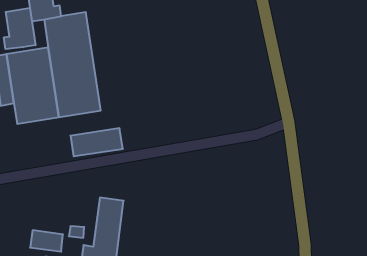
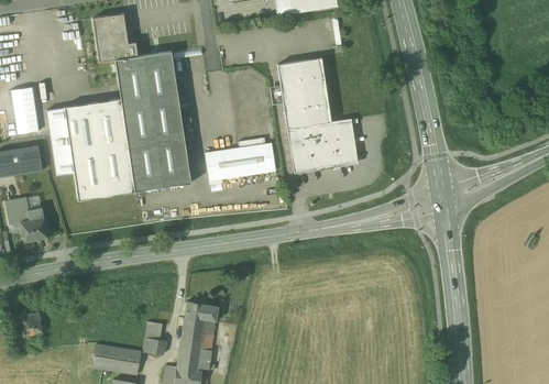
building: [4,8,35,49] -> none
building: none -> [277,57,355,174]
building: [70,128,123,156] -> [205,143,275,180]

